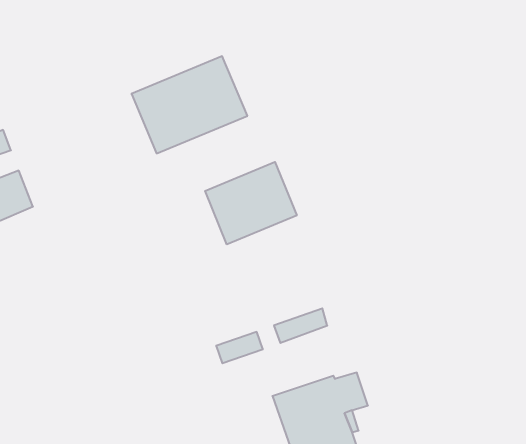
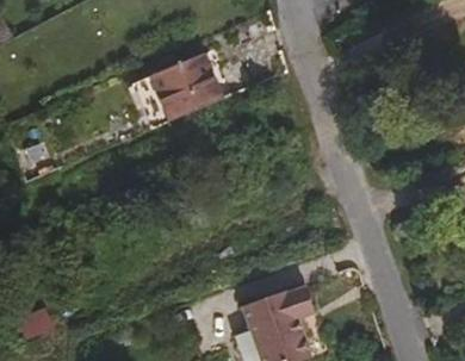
building: [205,162,297,244] -> none

